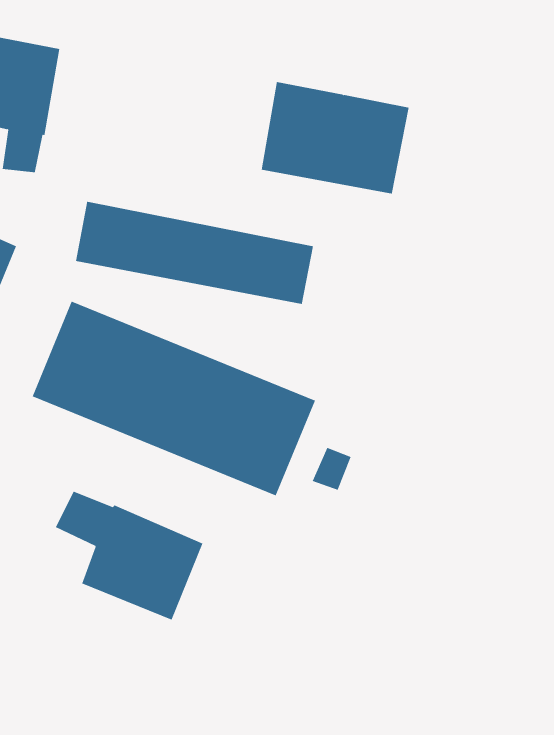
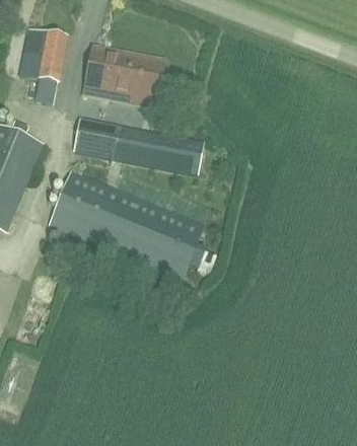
building: [261,81,409,194] -> [85,45,165,105]
building: [55,491,203,621] -> none

